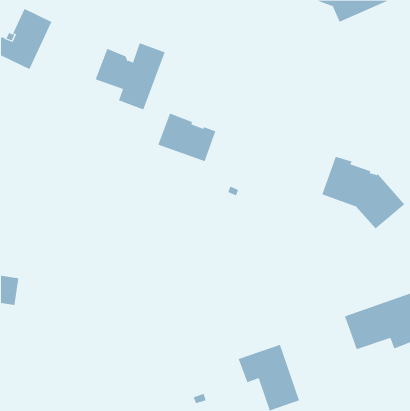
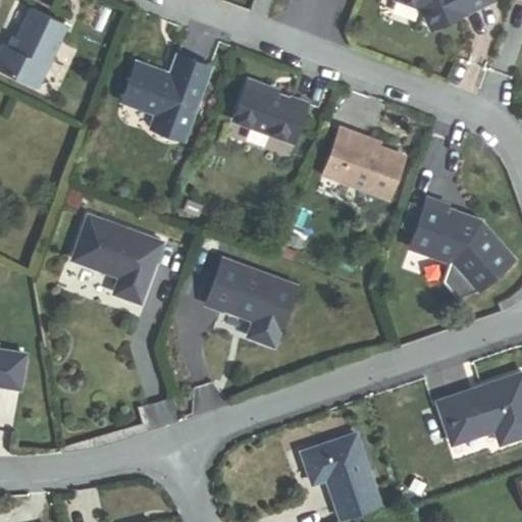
building: none -> [323,127,405,198]
building: [158,113,216,162] -> [233,80,308,142]
building: none -> [73,215,162,302]
building: none -> [206,257,297,345]

